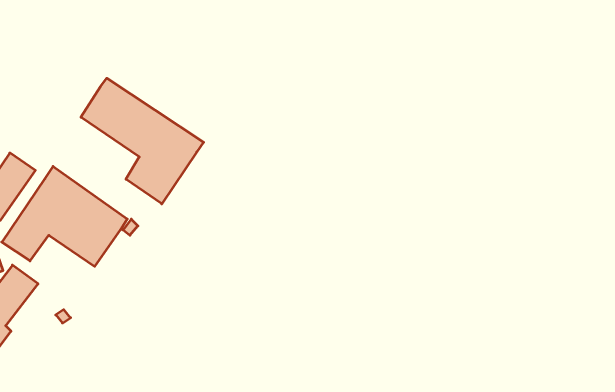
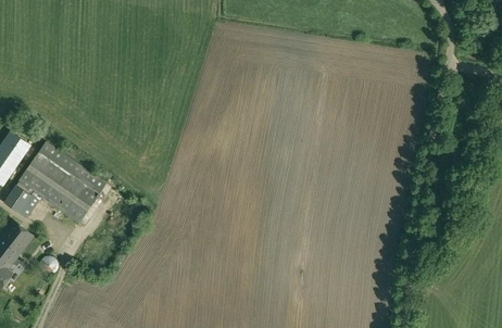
building: [81,78,204,204] -> none

